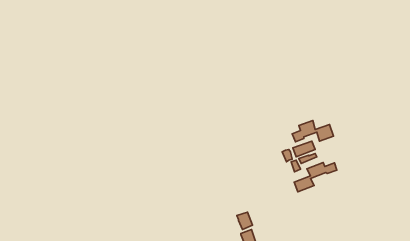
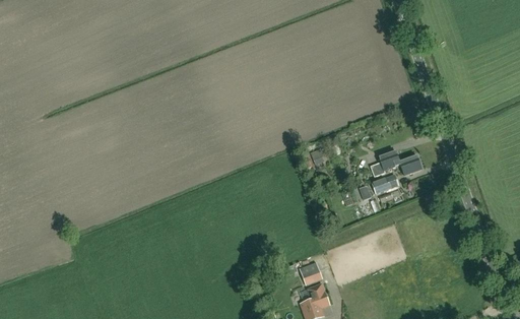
building: [294,162,337,192] -> none

